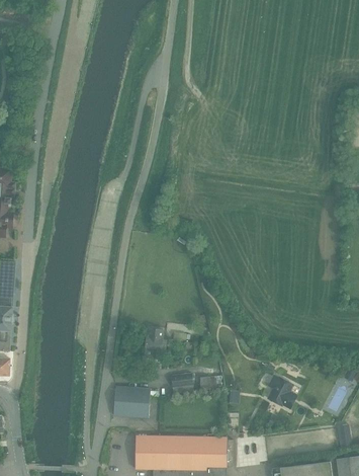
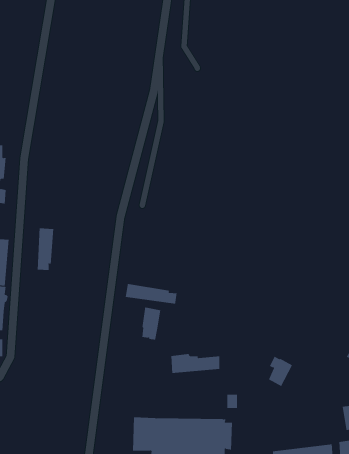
building: none -> [37,228,54,271]
building: none -> [125,283,177,304]
building: [113,388,150,417] -> none

